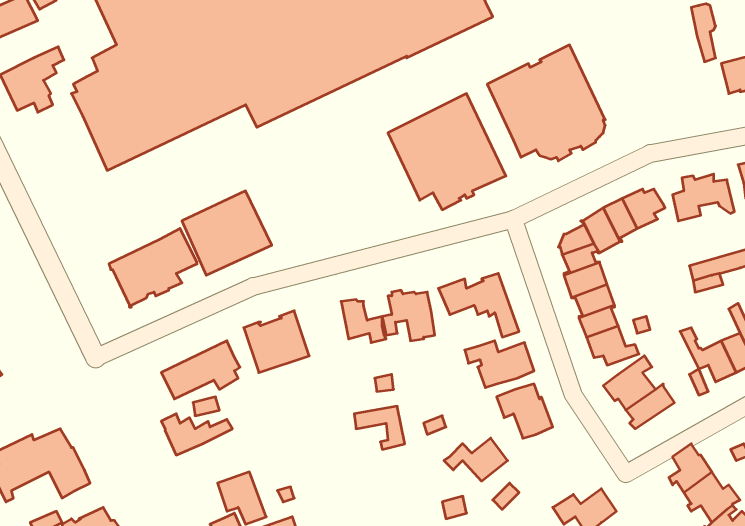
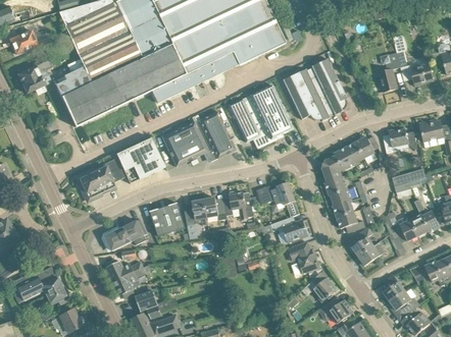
building: none -> [378,53,400,92]
building: none -> [161,111,235,167]
building: none -> [184,198,207,225]
building: none -> [112,267,145,295]
building: [444,438,508,481] -> [301,278,336,301]

